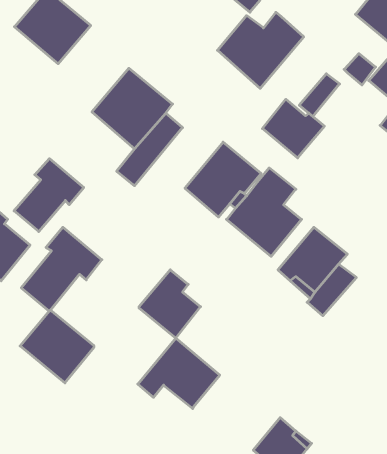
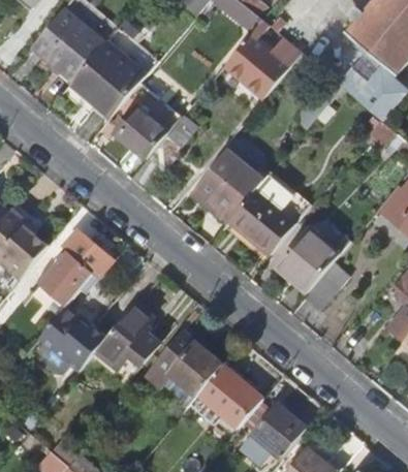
building: none -> [69,25,156,116]
building: [262,99,324,158] -> none
building: [14,159,84,232] -> none
building: [139,270,201,338] -> [105,304,162,367]
building: none -> [197,365,261,428]

